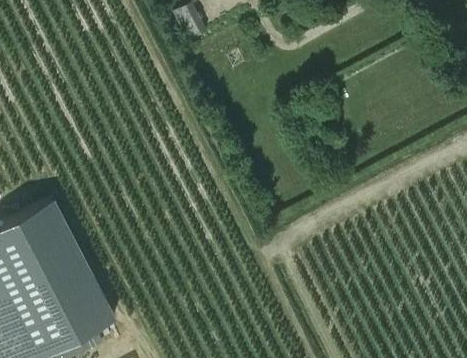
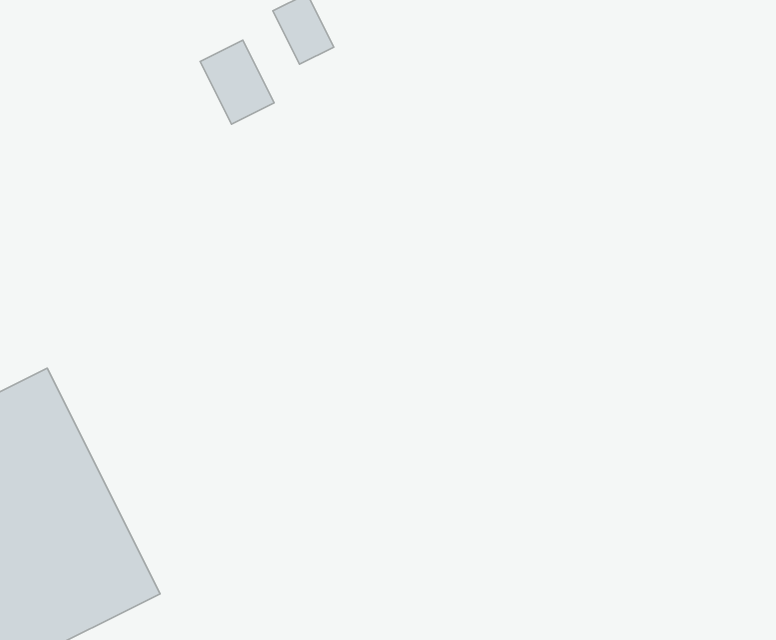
building: none -> [200,40,274,124]

